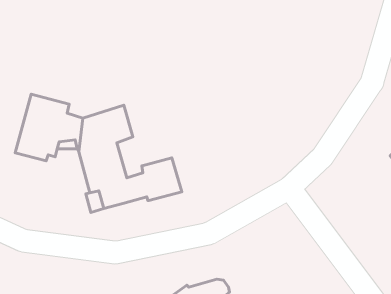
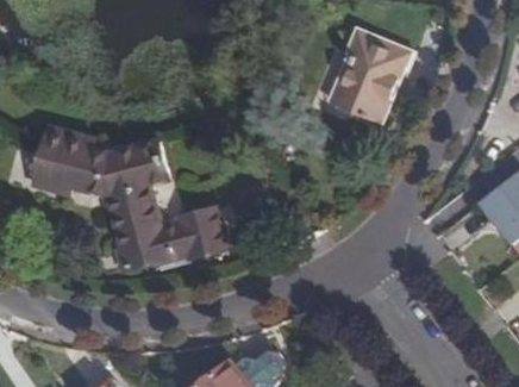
building: none -> [333,23,415,119]

